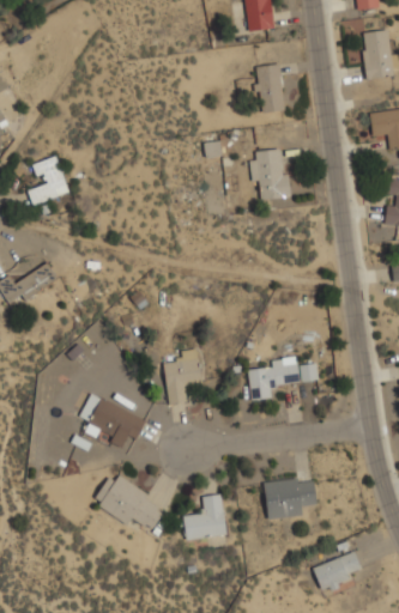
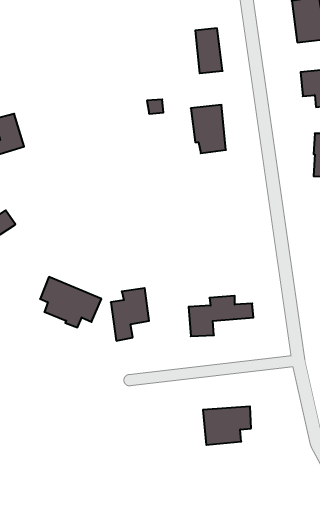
building: [80,393,147,448] -> [40,277,101,327]
building: [92,472,167,529] -> none
building: [182,493,229,540] -> none
building: [312,551,364,591] -> none

